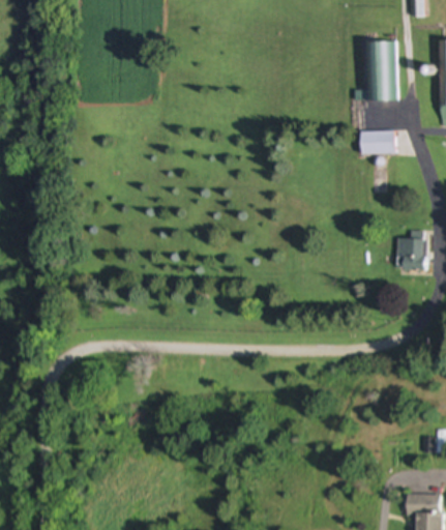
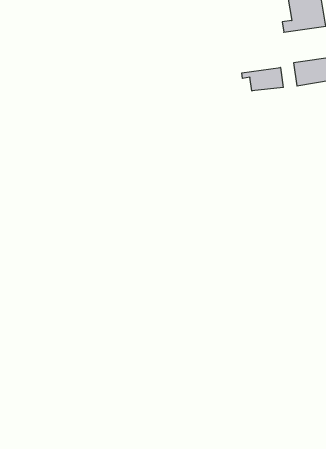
building: none -> [242,67,283,91]

